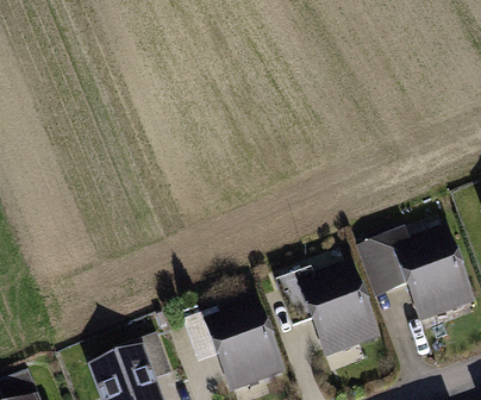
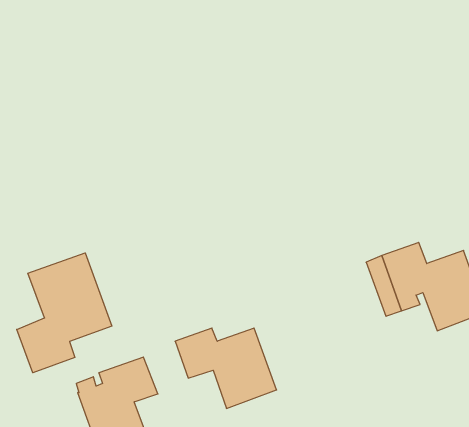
building: none -> [17,253,112,373]
building: [277,267,371,342] -> none

